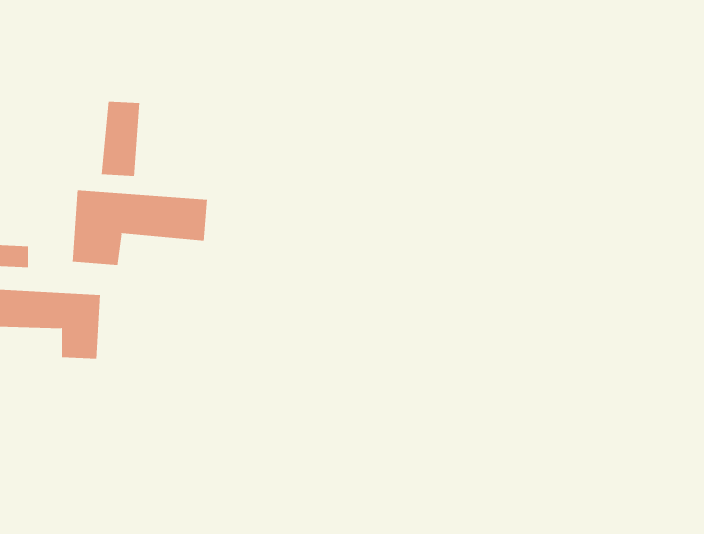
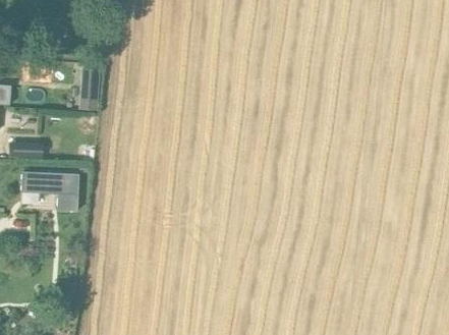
building: [72,190,207,266] -> none

